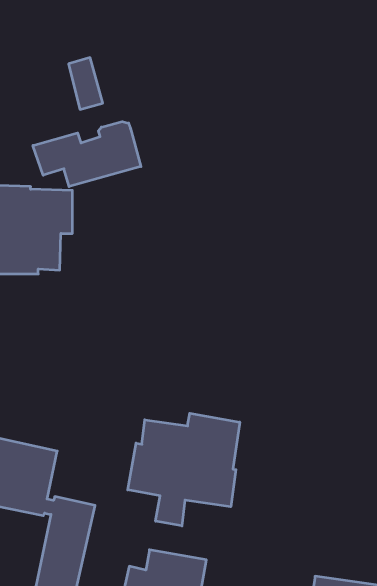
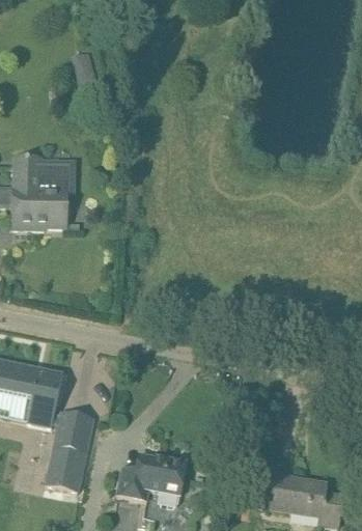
building: [33,122,141,187] -> none
building: [128,413,240,526] -> none

